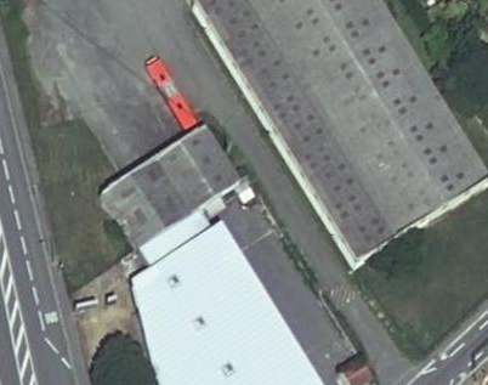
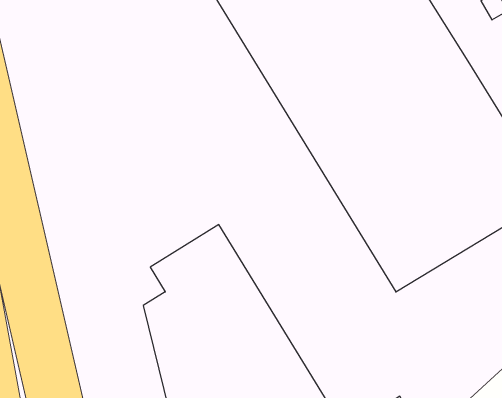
building: [104,124,242,243] -> none

